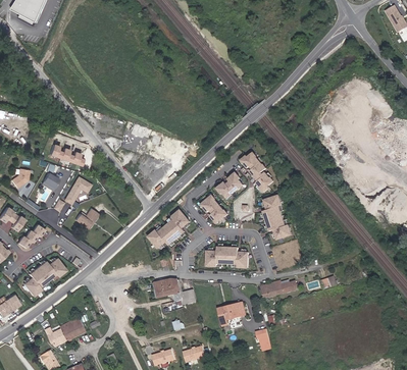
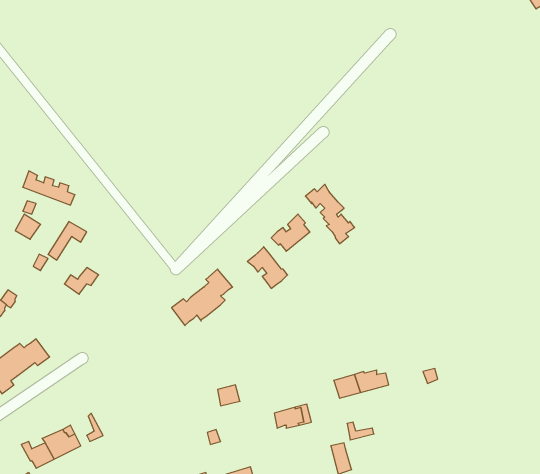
building: [262,195,291,240] -> none
building: [206,247,248,268] -> none
building: [154,278,182,298] -> none

